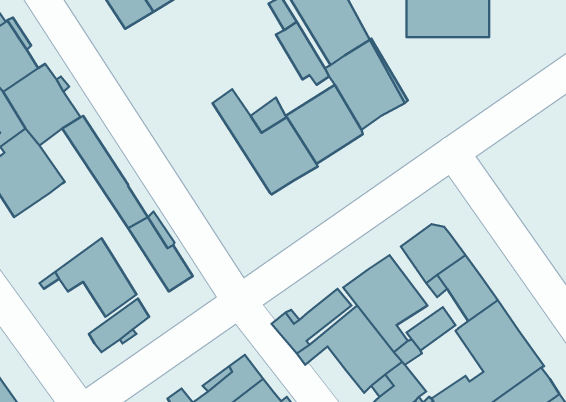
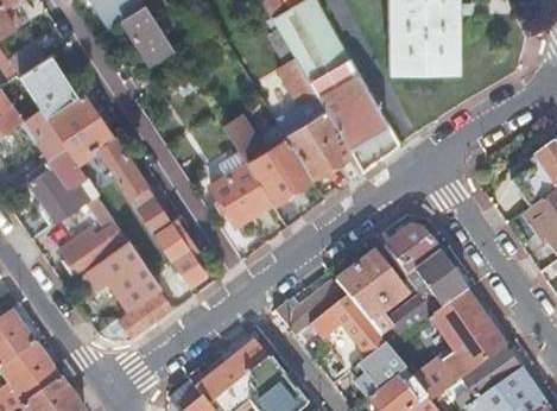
building: none -> [213,163,273,225]
building: none -> [61,194,125,274]

